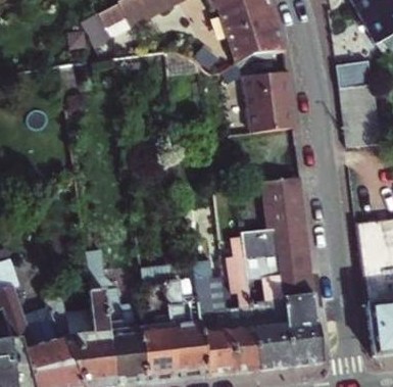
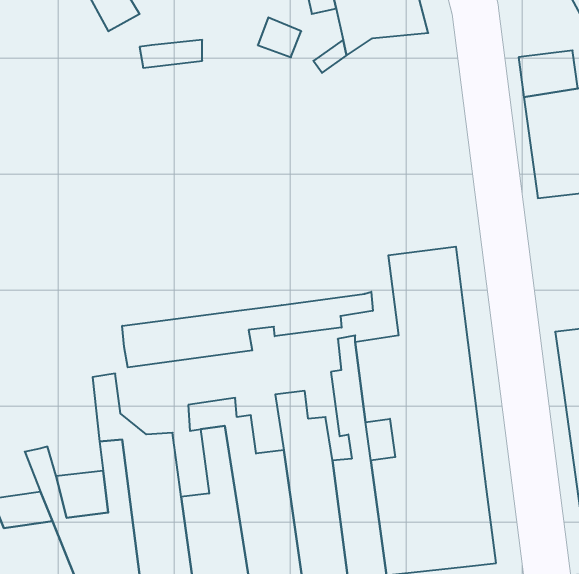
building: [252,70,292,134] -> none
building: none -> [122,292,373,367]

